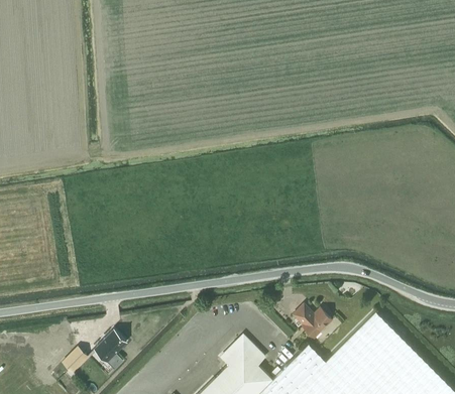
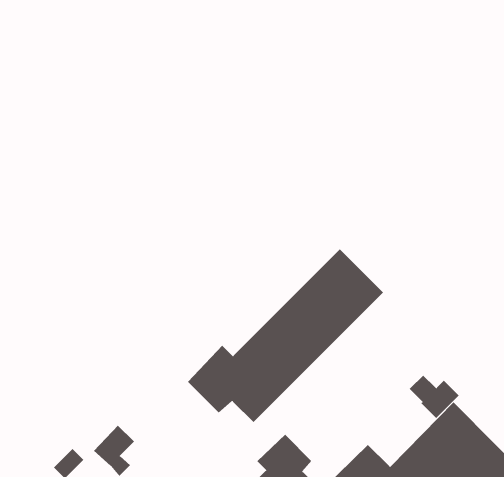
building: none -> [187,248,384,423]
building: [293,305,332,340] -> [409,375,459,419]

